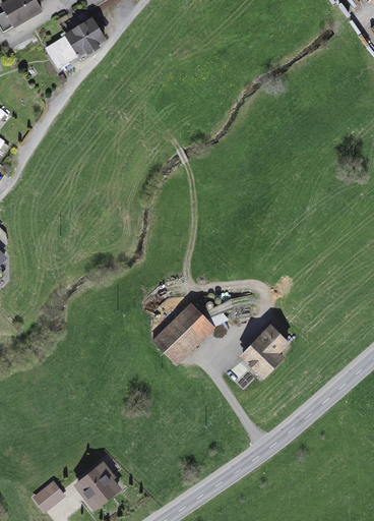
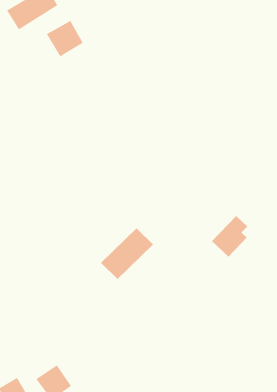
building: none -> [46,20,84,57]
building: [243,326,287,375] -> [211,215,248,257]

